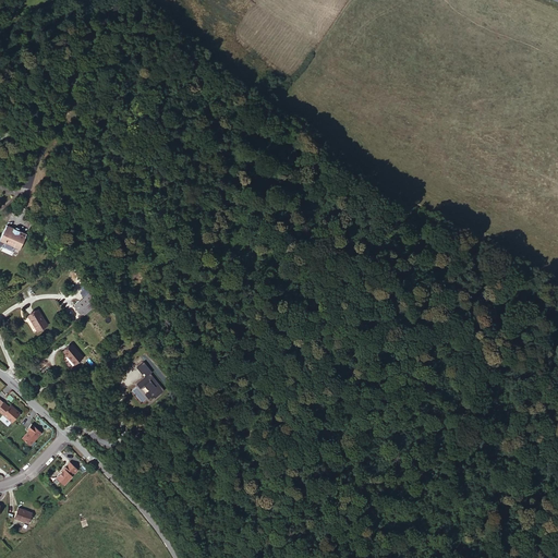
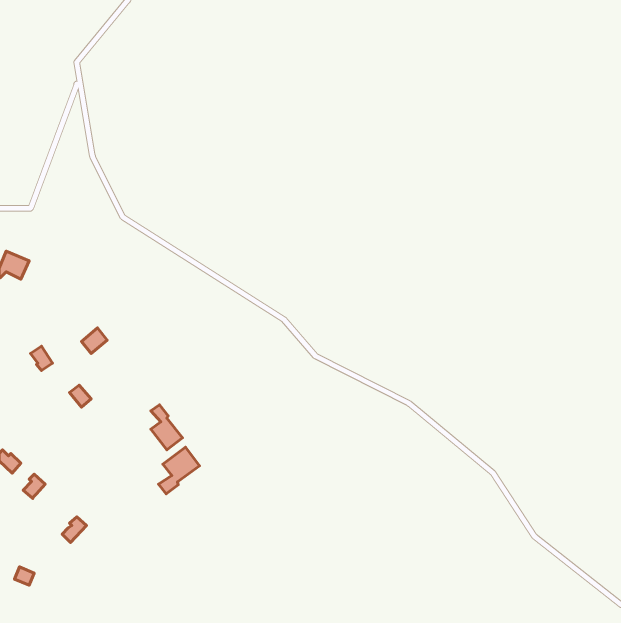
building: none -> [158,447,200,494]

